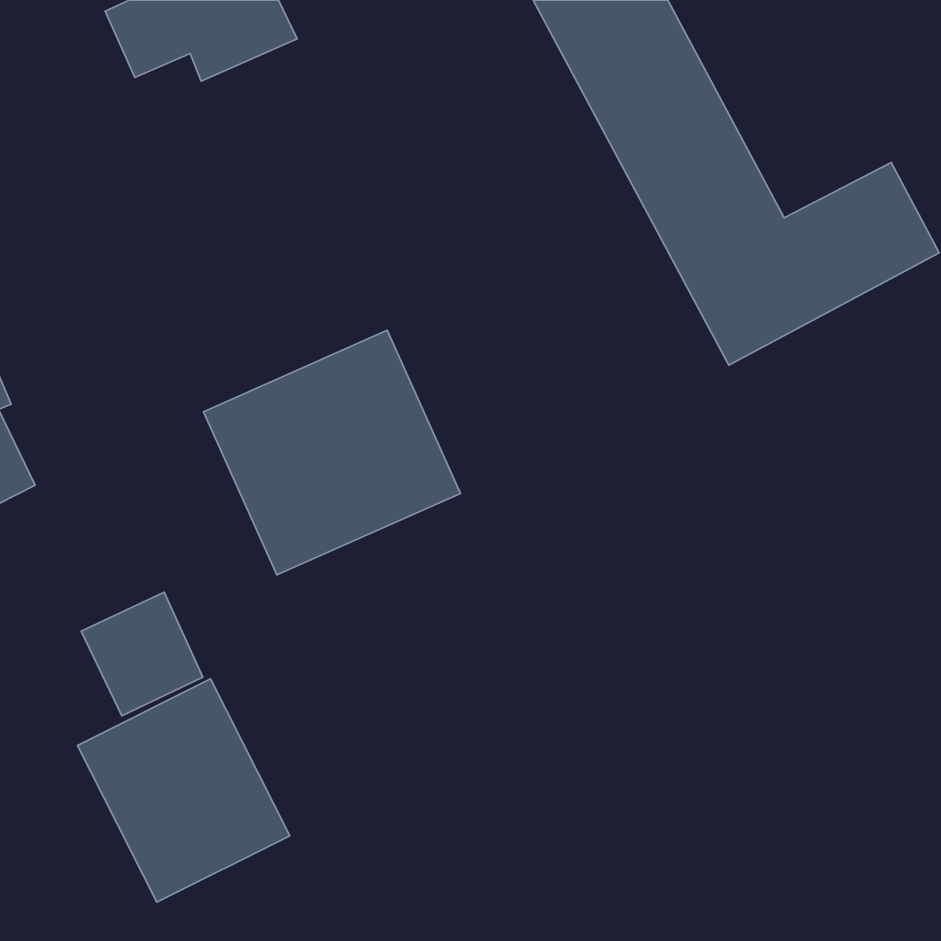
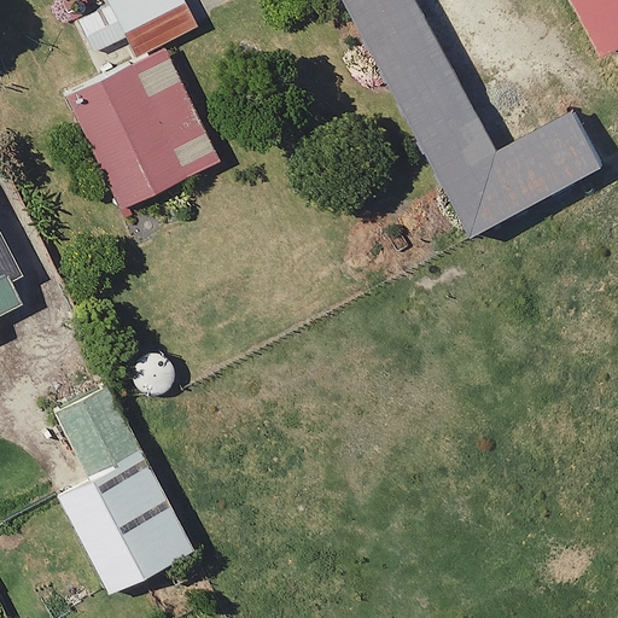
building: none -> [66,51,215,205]
building: [204,330,460,575] -> none

